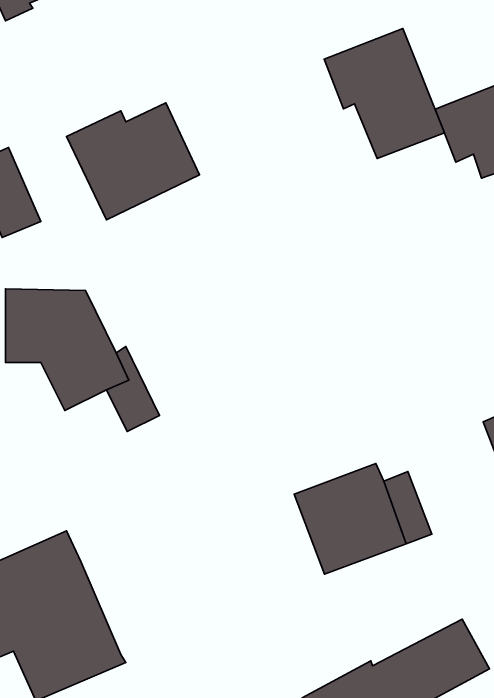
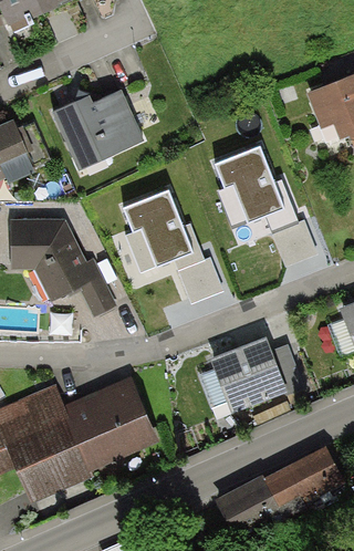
building: [324,29,444,158] -> [208,142,291,231]
building: none -> [116,185,199,278]
building: none -> [62,377,158,470]

